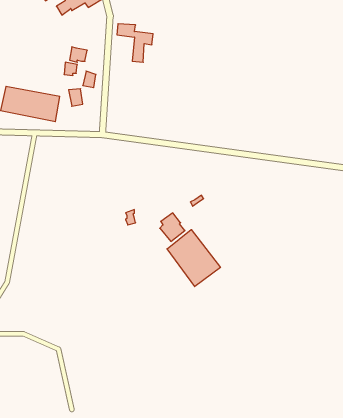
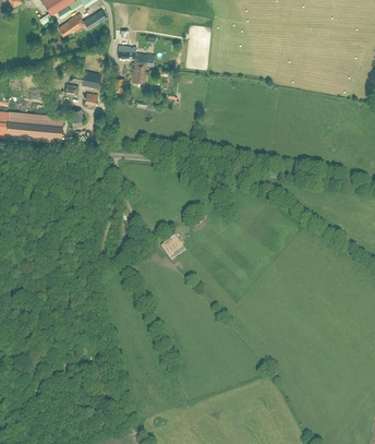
building: [167,230,220,287] -> none

